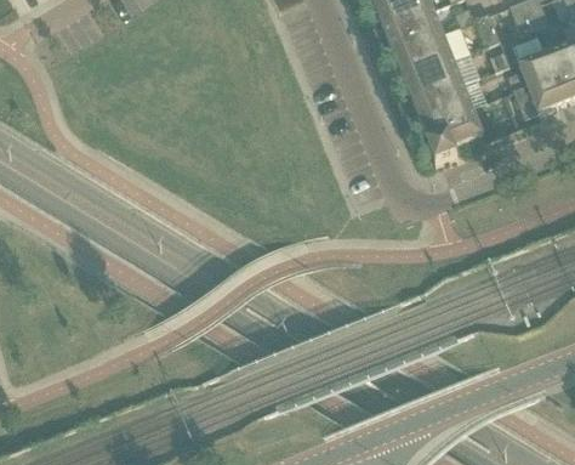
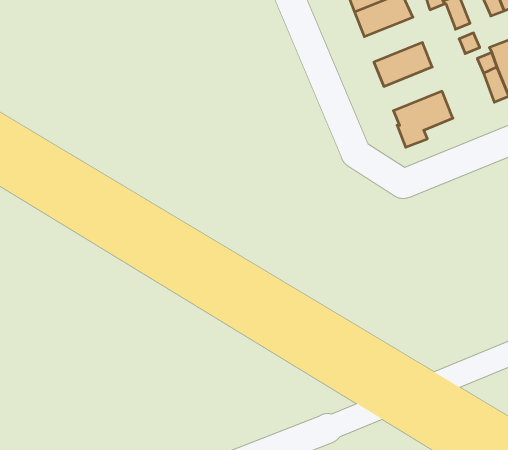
building: [394,29,452,74] -> none
building: [414,79,472,123] -> none

